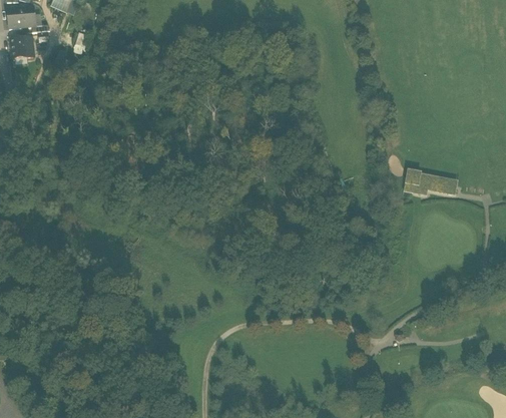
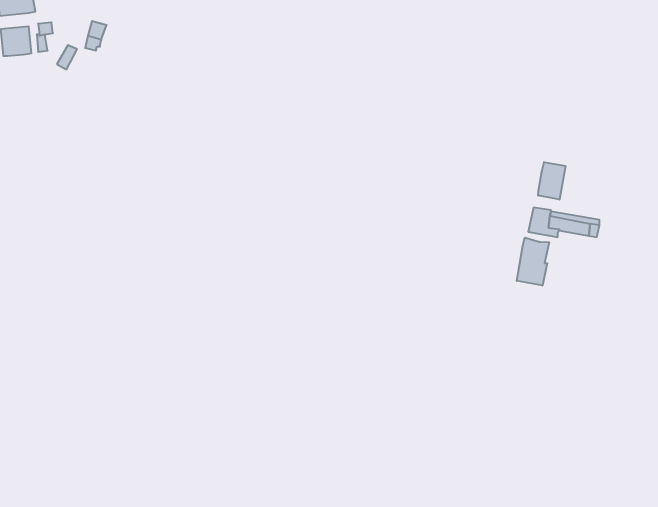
building: none -> [538,162,565,200]
building: none -> [517,238,549,286]

